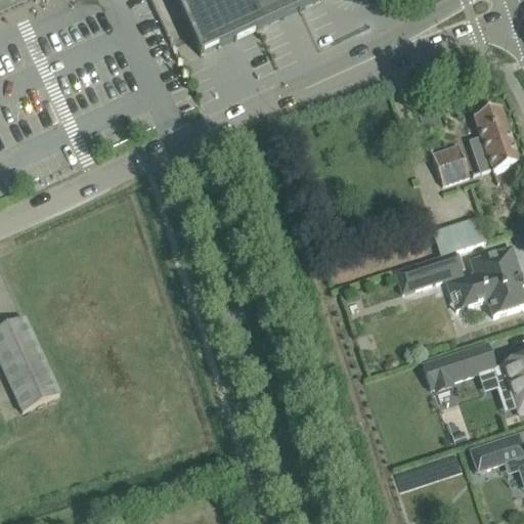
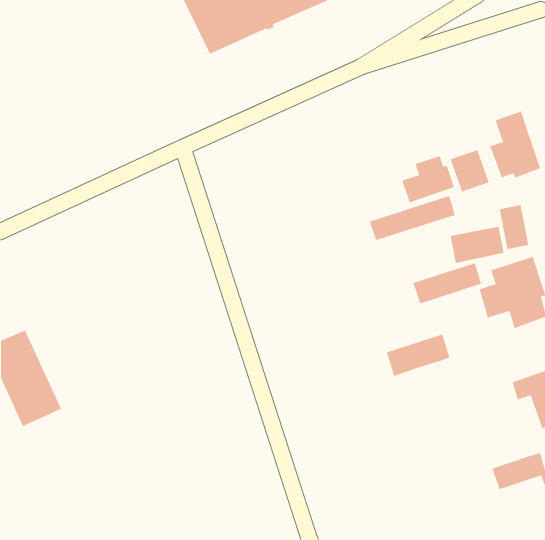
building: none -> [402,156,454,203]
building: none -> [369,195,455,241]
building: none -> [499,204,529,250]
building: [424,347,485,388] -> [386,334,450,377]

